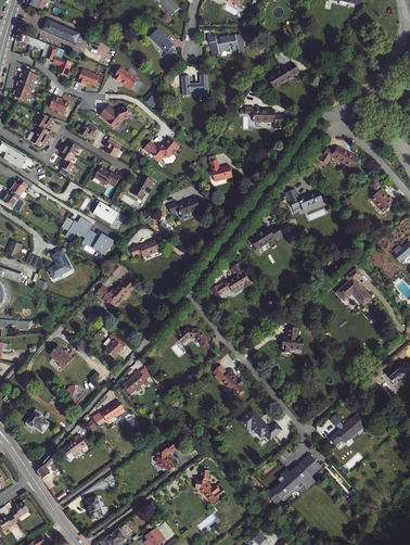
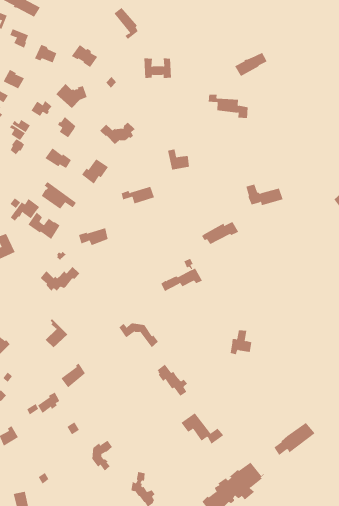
building: [207,34,245,55] -> none
building: [320,147,359,169] -> none
building: [339,268,372,306] -> none

